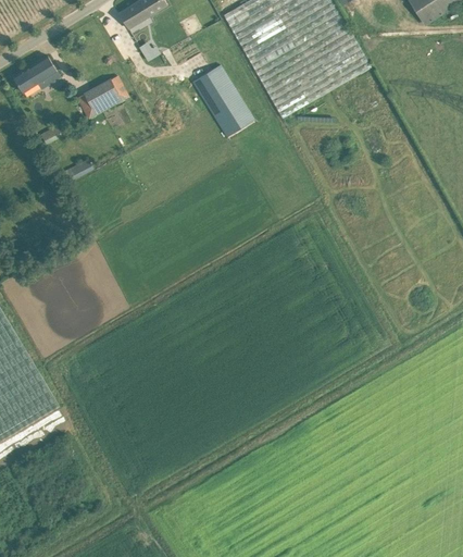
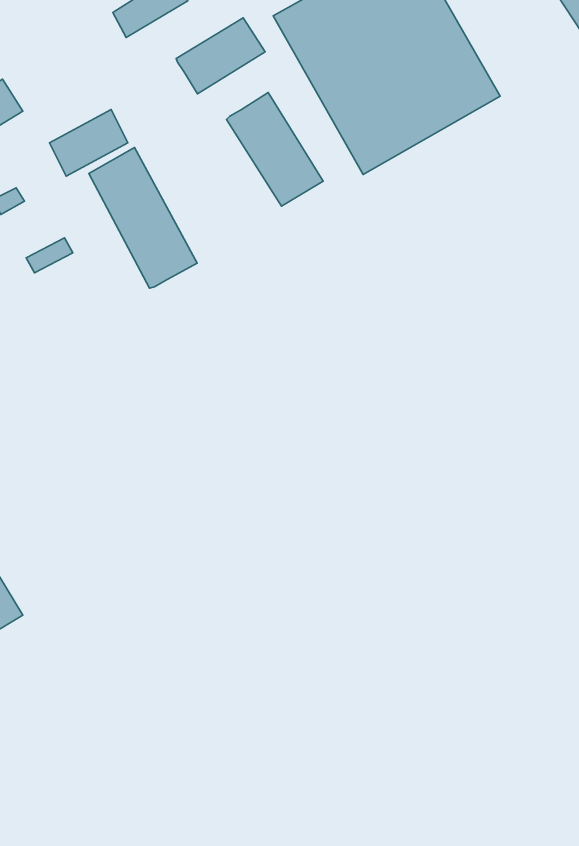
building: none -> [176,18,265,94]
building: none -> [89,148,197,288]

